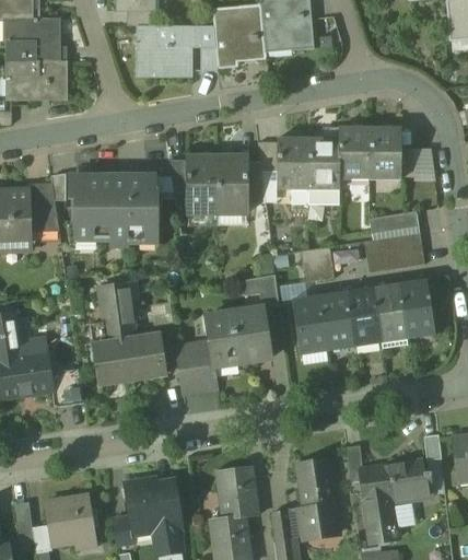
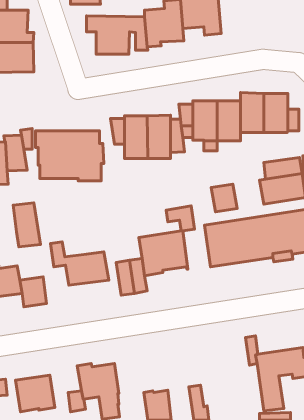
building: [101,283,137,341] -> [13,203,41,247]
building: [295,457,340,532] -> none
building: [219,467,256,520] -> none

